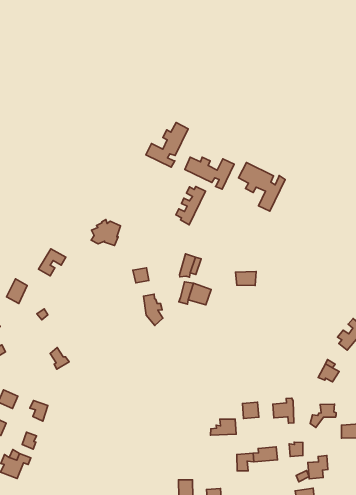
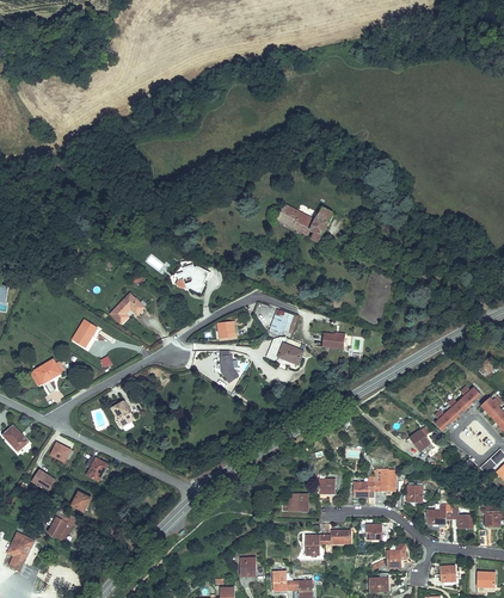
building: [146,122,188,167] -> none
building: [238,163,285,211] -> none
building: [176,187,205,225] -> none
building: none -> [374,470,398,506]

